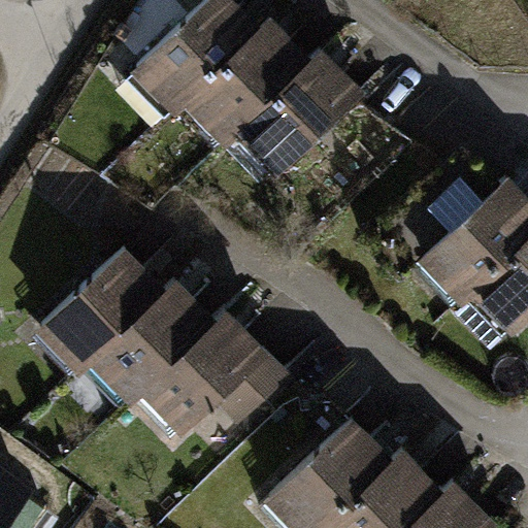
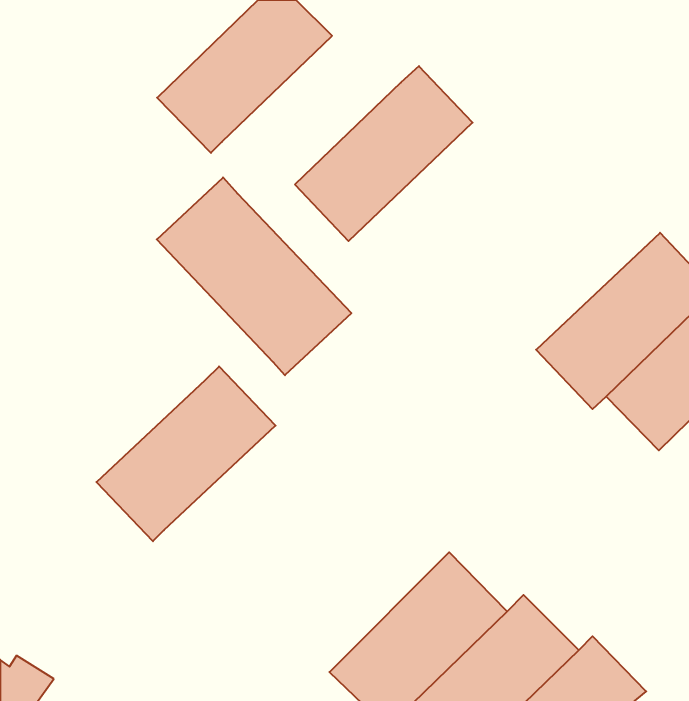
building: [177,21,311,153] -> none
building: none -> [157,177,351,375]
building: [35,245,165,372] -> none
building: [134,310,292,442] -> none

